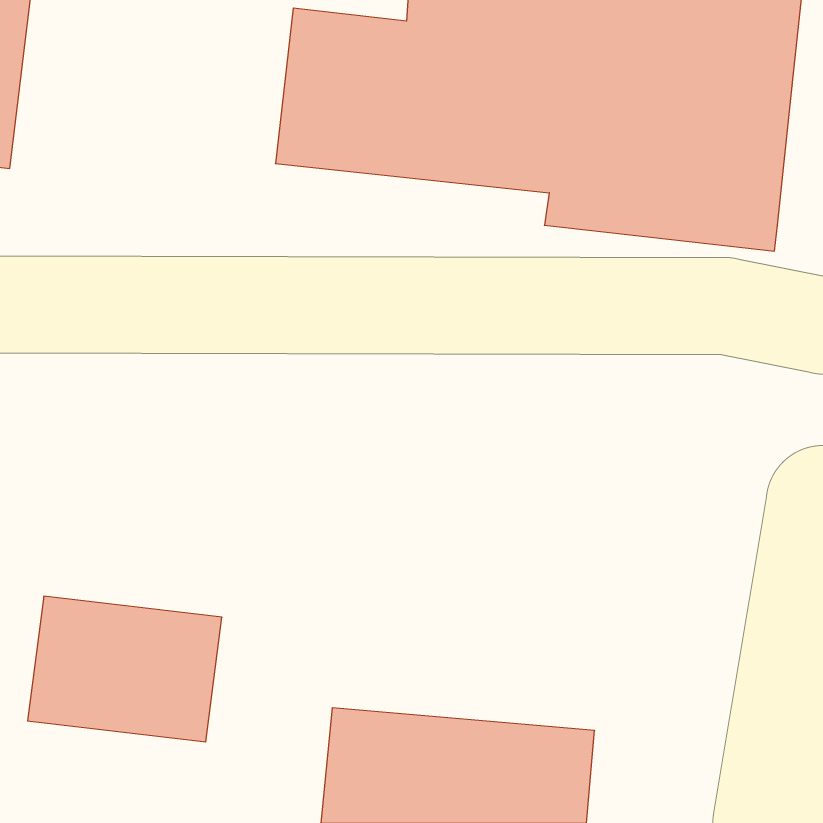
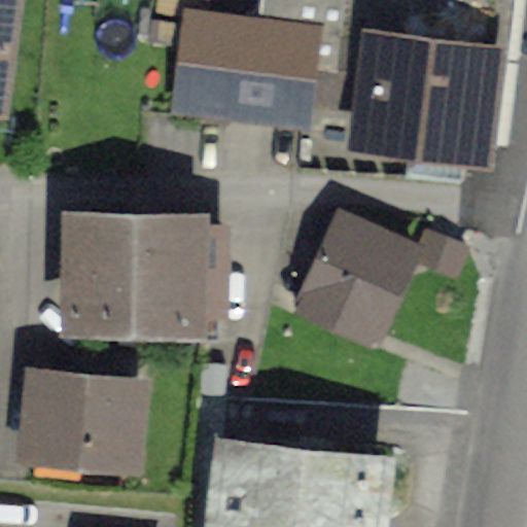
building: none -> [63,214,202,330]
building: none -> [296,222,414,347]

